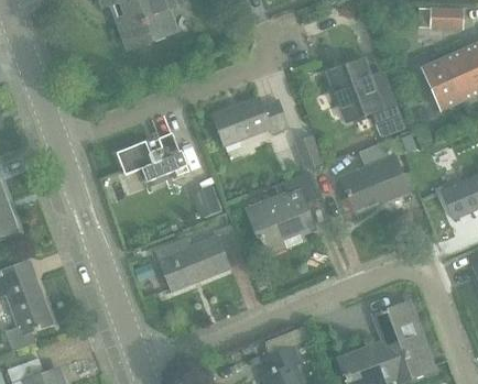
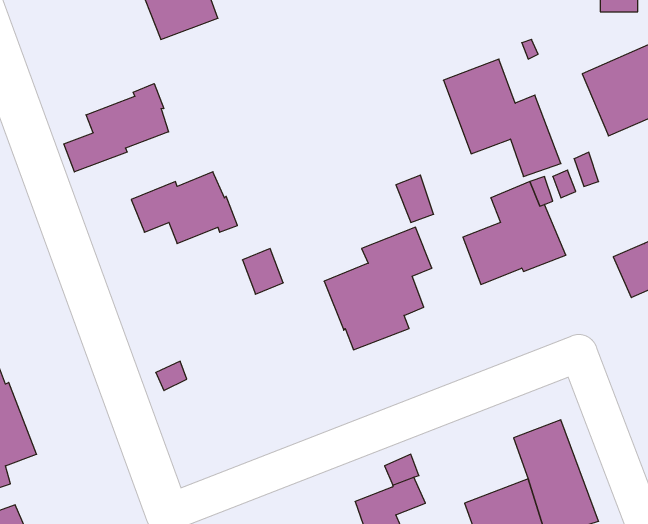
building: none -> [64,84,169,172]
building: [213,98,287,144] -> none
building: [159,224,241,293] -> none

